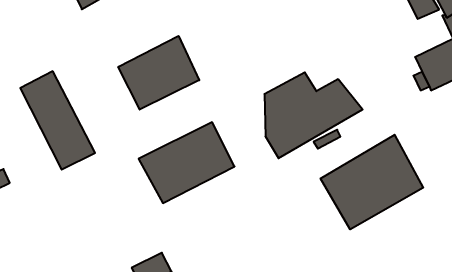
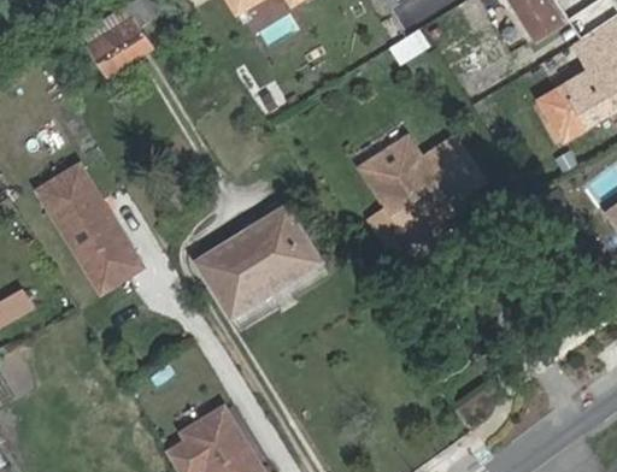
building: [118,36,199,110] -> none
building: [321,135,423,229] -> none

